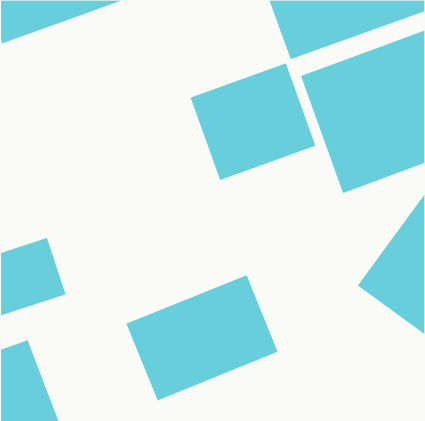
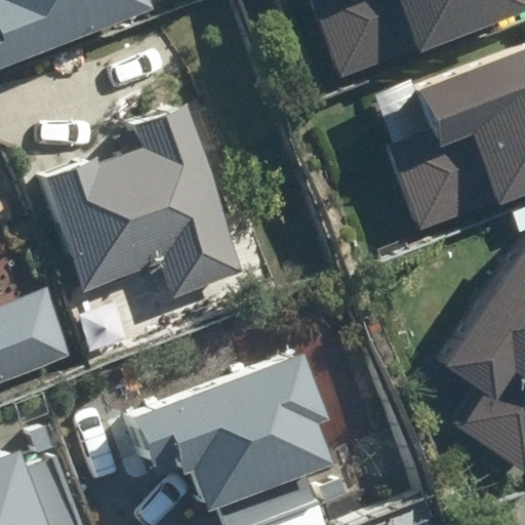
building: [190,62,316,181] -> none
building: none -> [57,122,228,296]

